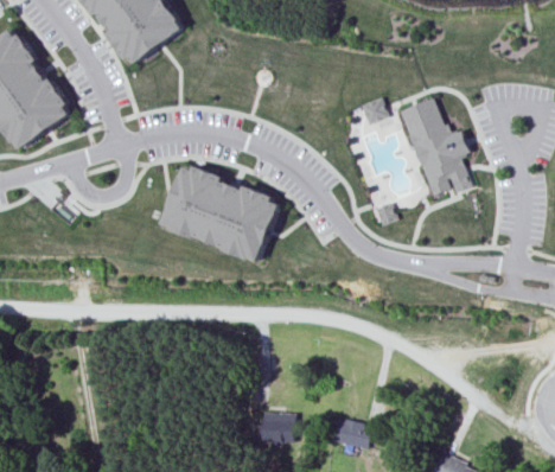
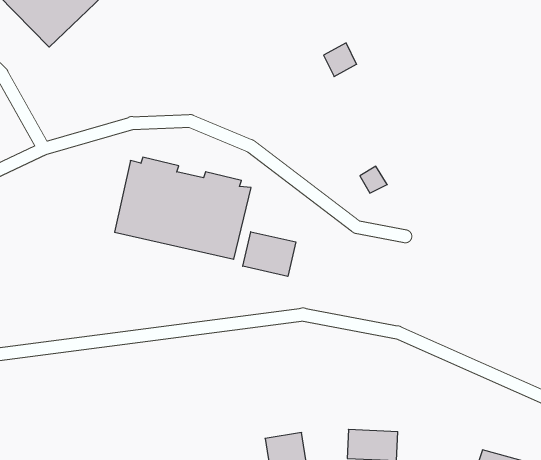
building: [395,97,466,199] -> none
building: none -> [243,232,296,276]

